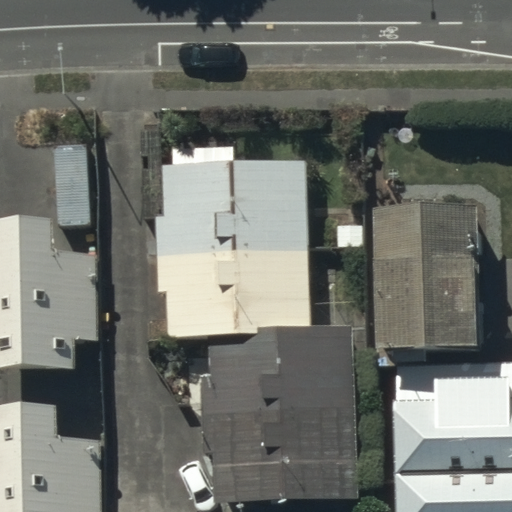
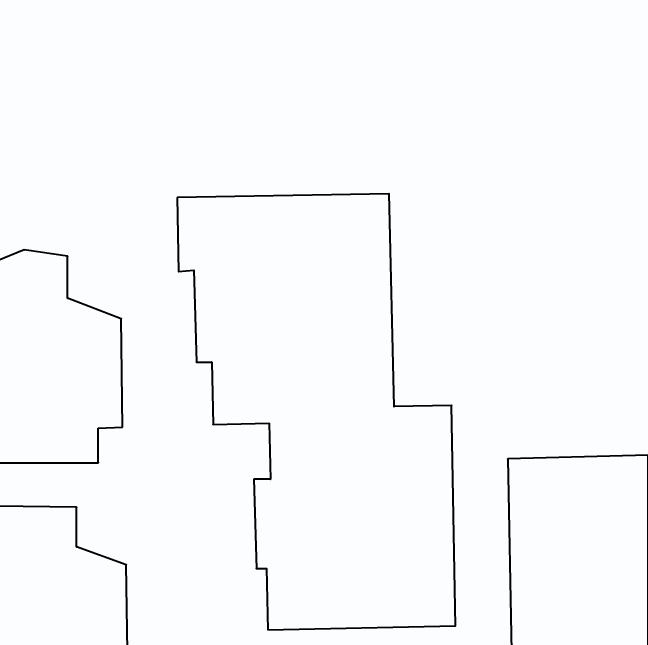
building: [379,221,481,362] -> none

